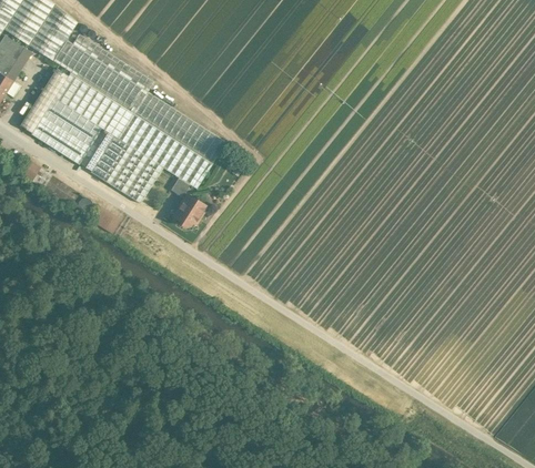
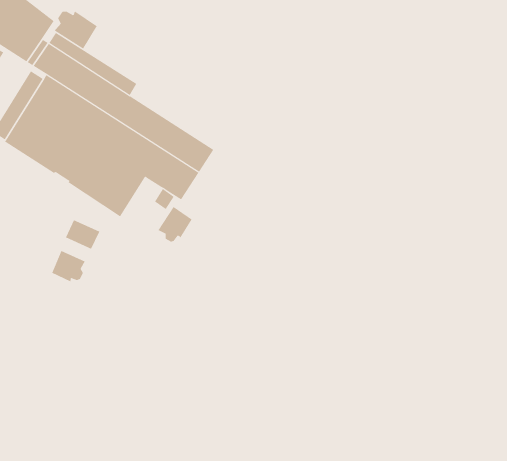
building: none -> [54,11,98,50]
building: none -> [51,250,86,282]

